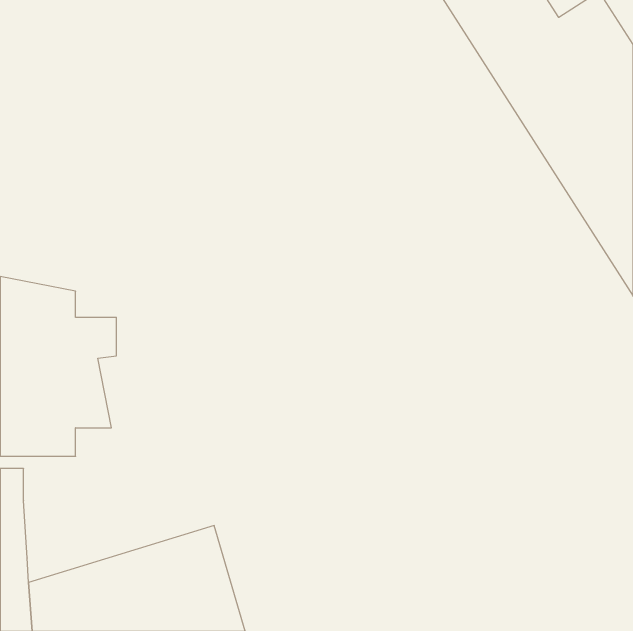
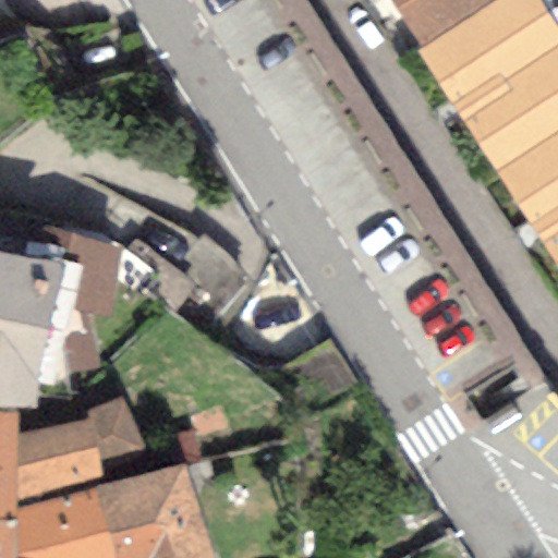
building: none -> [21,409,138,490]

